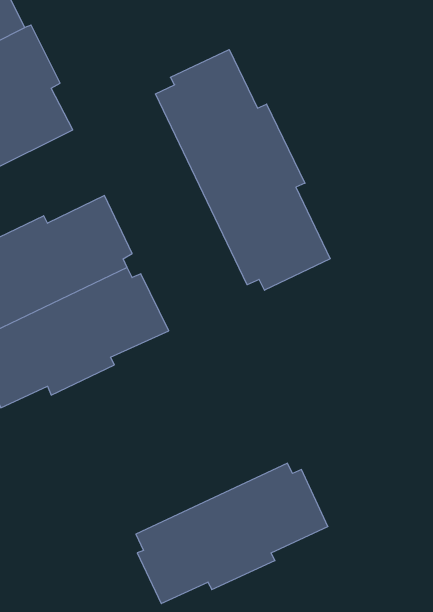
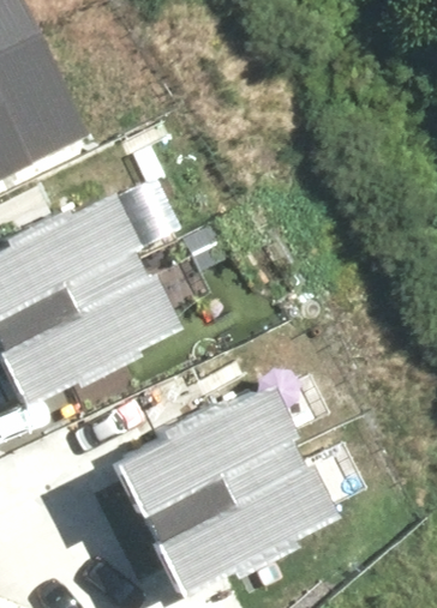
building: [156,50,330,290] -> none
building: none -> [113,384,298,519]

